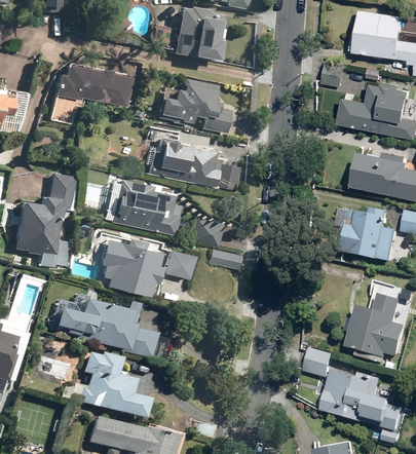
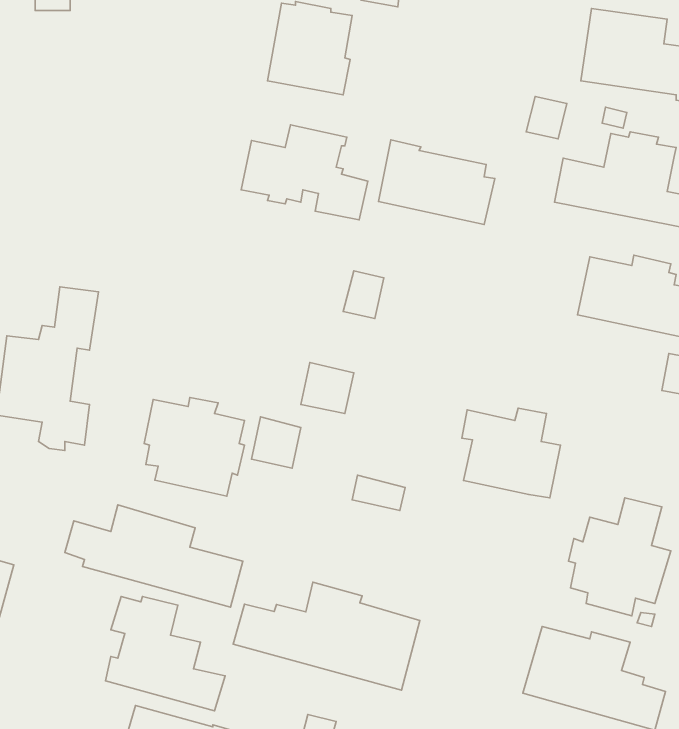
building: [47,62,128,123] -> none
building: [151,137,219,186] -> [379,140,495,224]
building: [102,178,178,234] -> none
building: [339,209,396,261] -> [462,408,560,498]
building: [209,248,239,268] -> [352,475,405,510]
building: none -> [233,582,420,690]
building: [305,347,335,377] -> none

